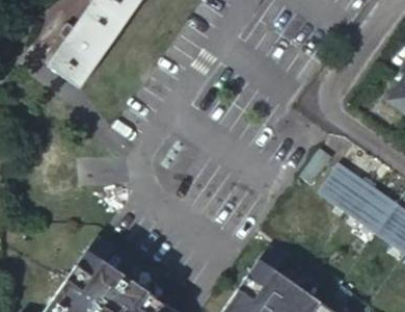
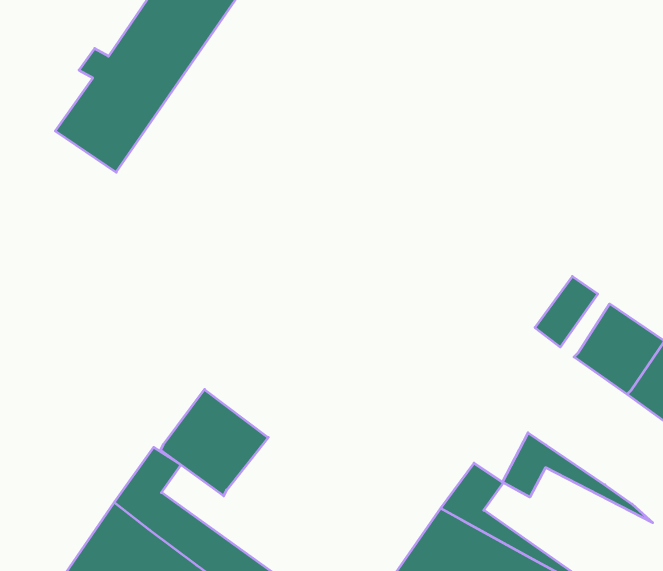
building: none -> [161,389,268,496]
building: none -> [502,433,653,523]

